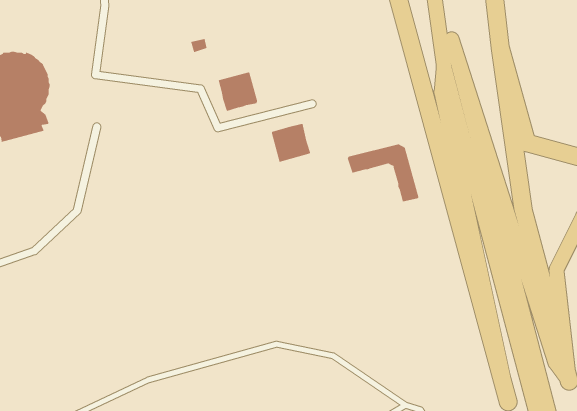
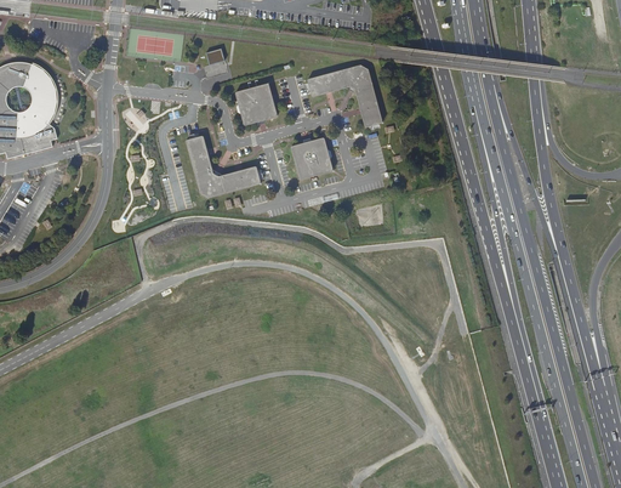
building: none -> [184,135,260,198]
building: [347,144,419,202] -> [306,64,382,126]

